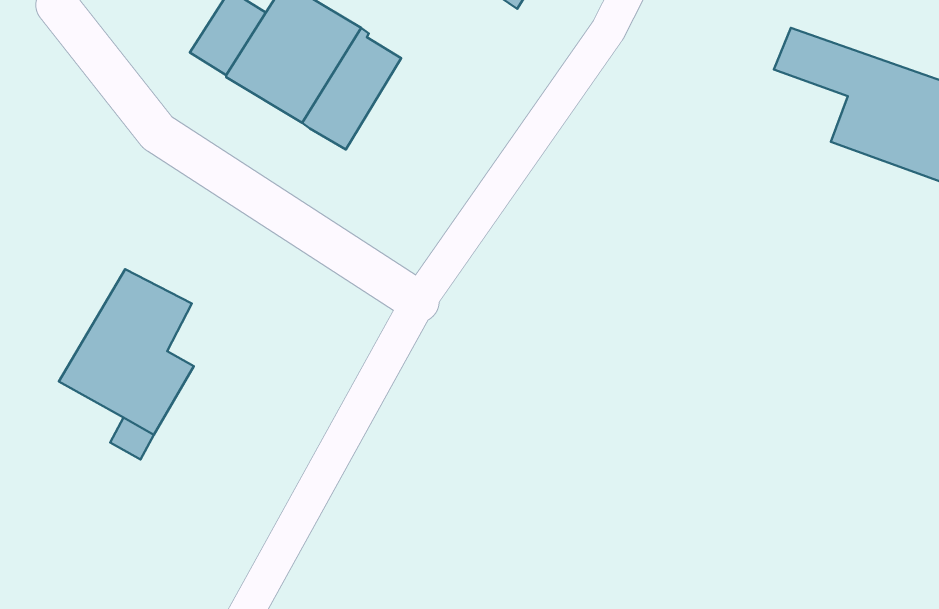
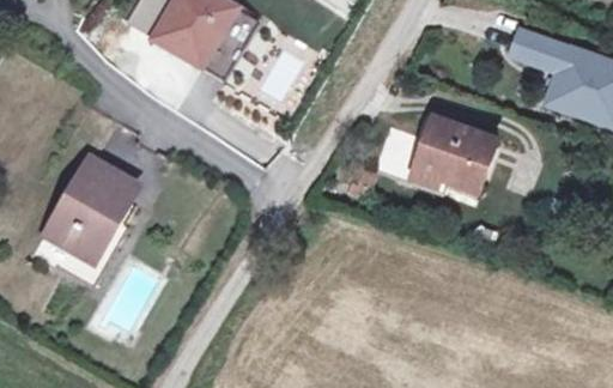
building: none -> [393,109,490,184]

